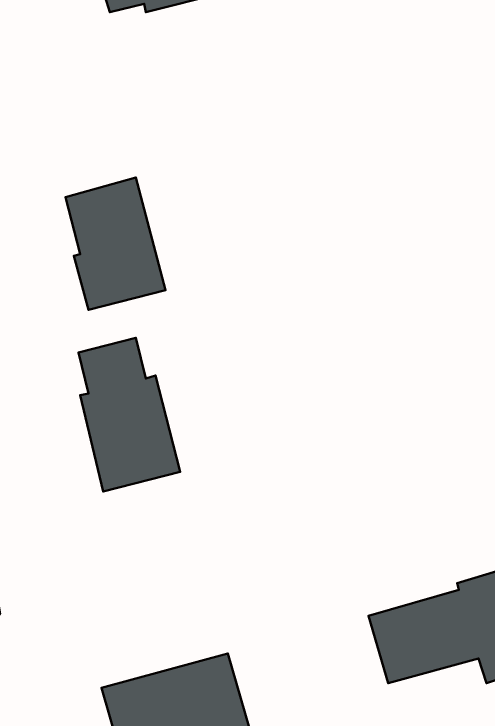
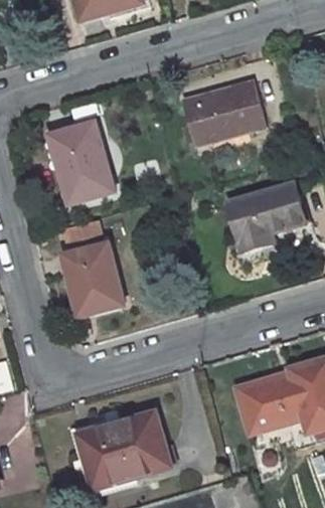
building: none -> [181,82,264,148]
building: none -> [227,185,304,250]

